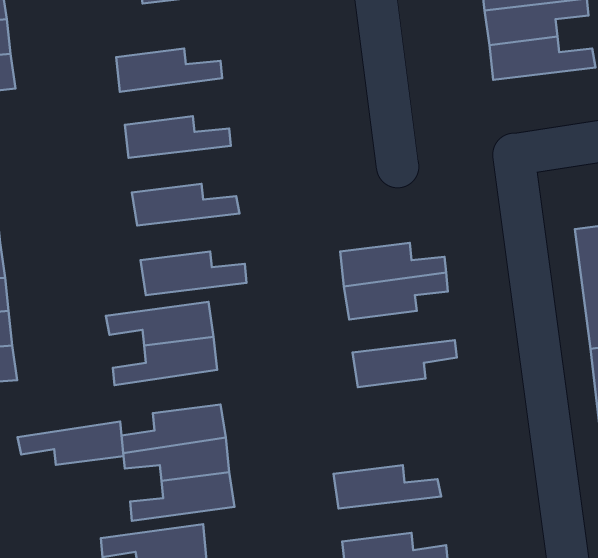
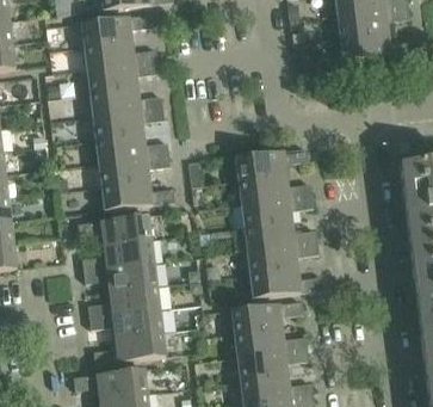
building: none -> [81,12,153,45]
building: none -> [87,60,159,92]
building: none -> [93,106,165,138]
building: none -> [236,147,308,179]
building: none -> [99,153,171,185]
building: none -> [245,220,317,248]
building: none -> [250,266,323,296]
building: [18,422,124,465] -> [83,260,156,290]
building: none -> [231,300,303,332]
building: none -> [237,347,309,378]

